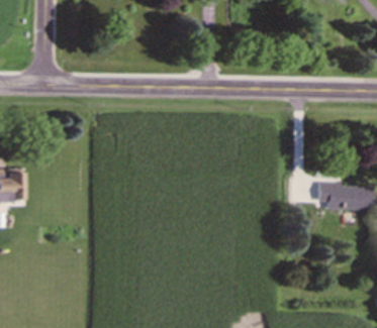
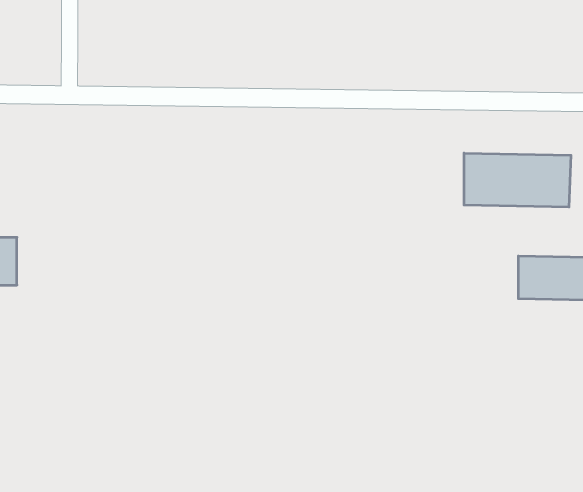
building: none -> [464,153,571,207]

